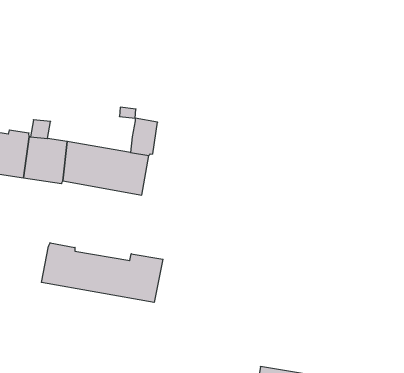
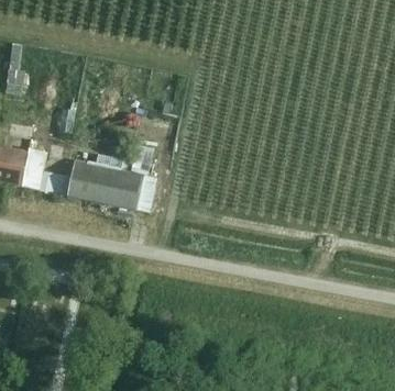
building: [41,243,163,302] -> none

